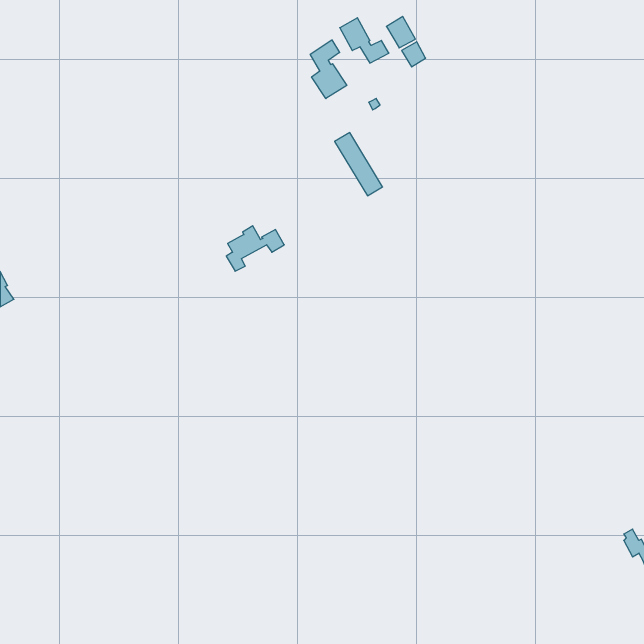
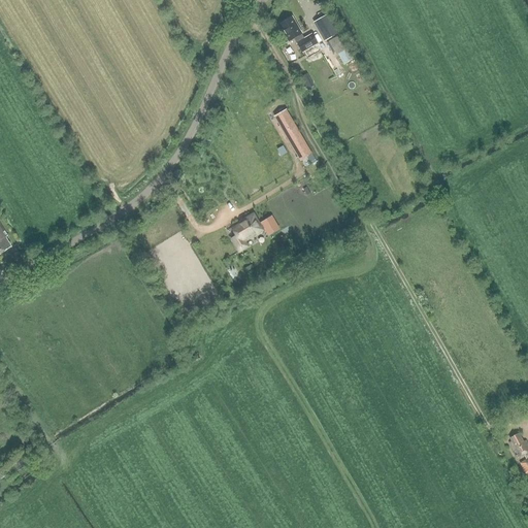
building: [310,40,347,99] -> none
building: [226,226,284,271] -> [232,212,279,250]

